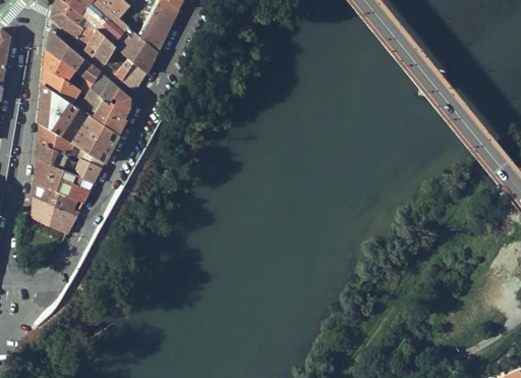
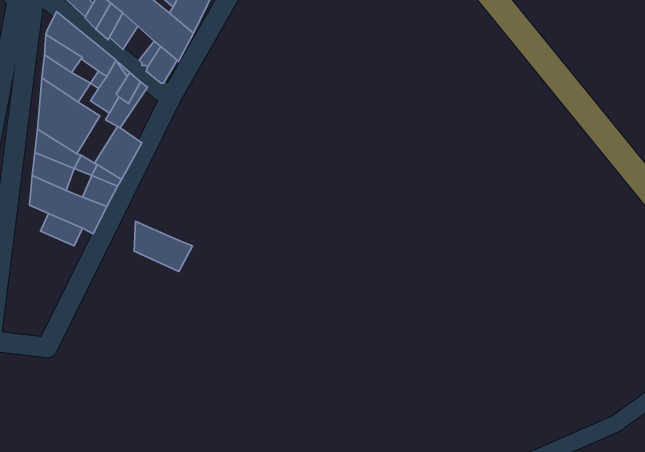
building: [103,92,129,133] -> none
building: [33,196,76,233] -> [134,221,192,271]

